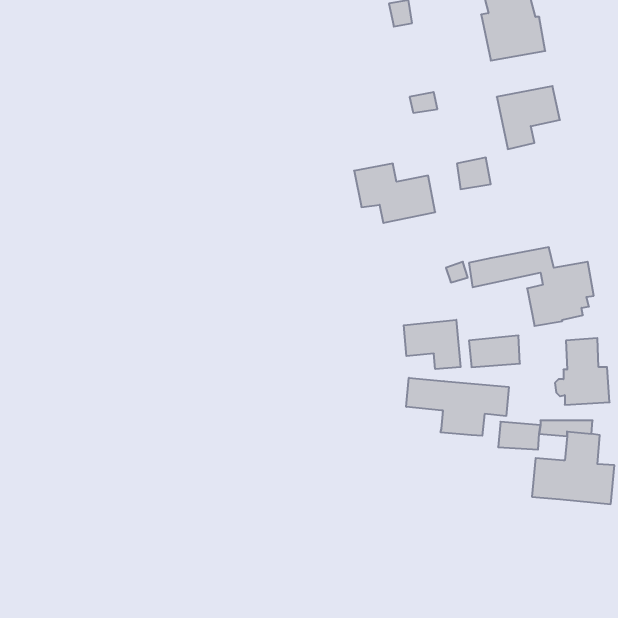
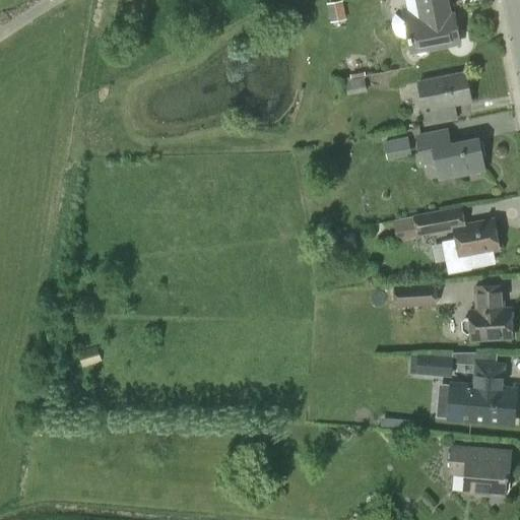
building: [354,164,435,223] -> [415,128,483,178]
building: [404,320,461,369] -> none
building: [406,378,509,436] -> none
building: none -> [449,446,510,495]

